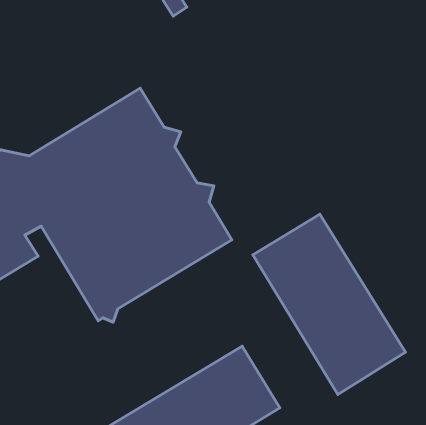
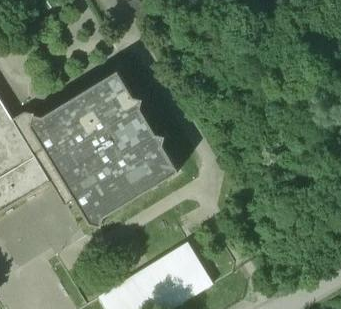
building: [253,214,406,394] -> none

